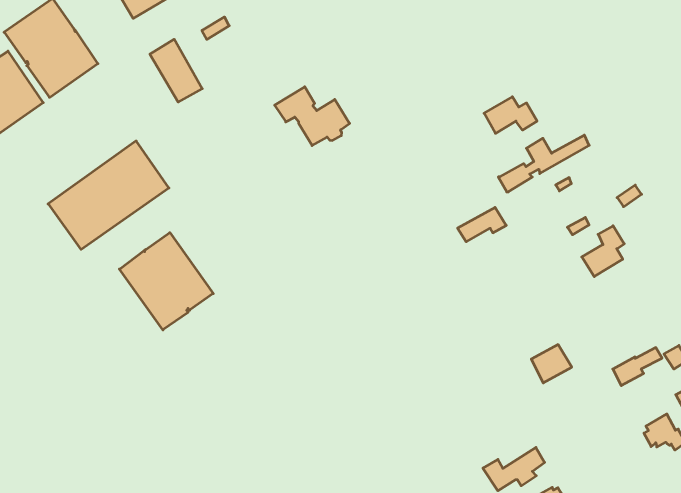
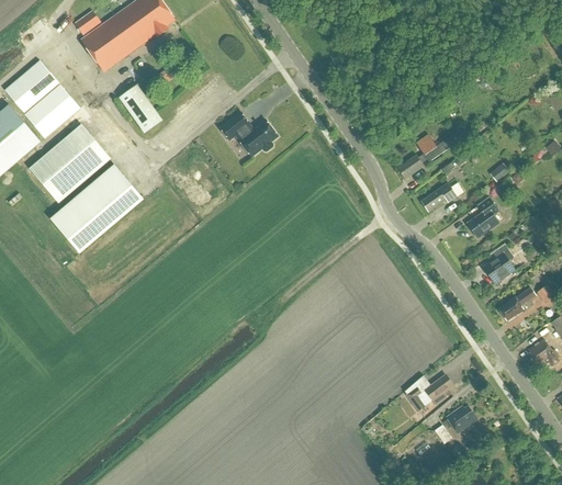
building: none -> [31,124,110,200]
building: [484,97,537,133] -> none
building: [458,207,506,242] -> [422,182,459,211]
building: [119,233,213,330] -> none
building: [531,345,572,383] -> [484,252,516,283]

